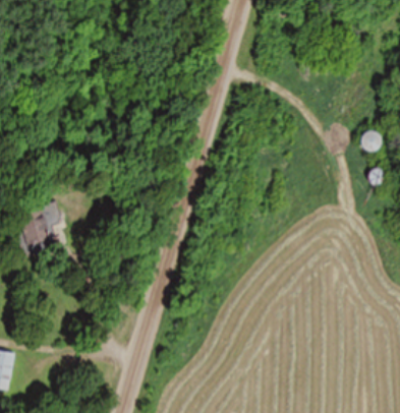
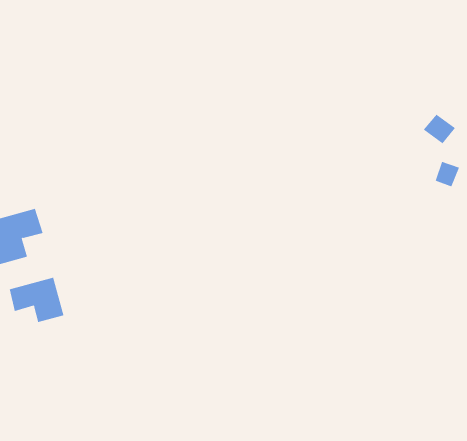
building: none -> [9,277,64,323]

